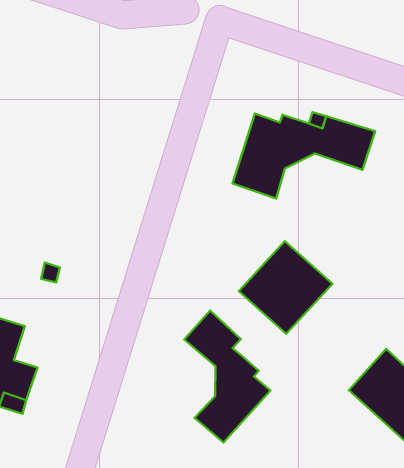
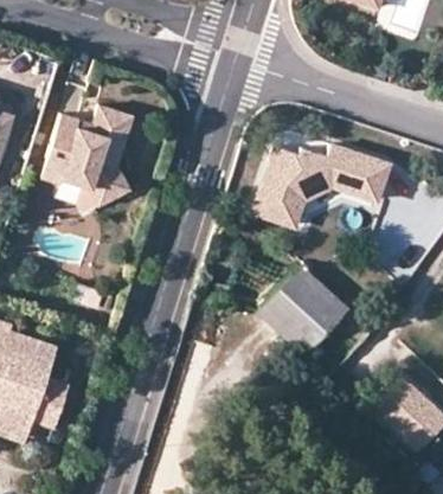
building: none -> [50,105,129,205]
building: [184,311,270,443] -> none

